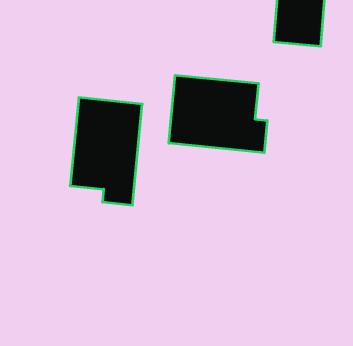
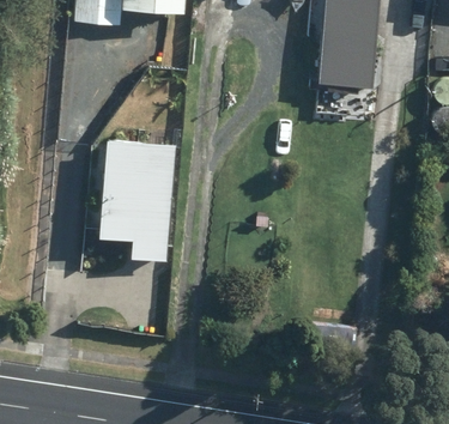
building: [169,75,267,153] -> none

